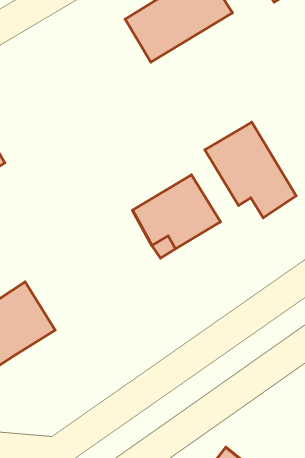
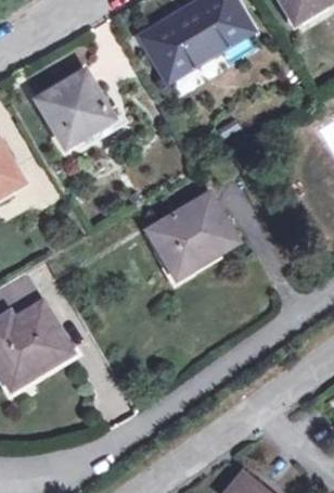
building: none -> [37,69,114,150]
building: [205,122,296,218] -> none

